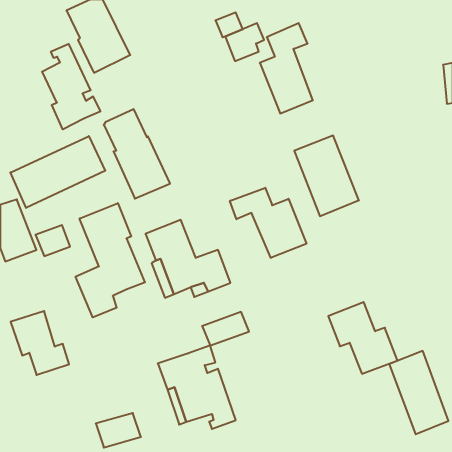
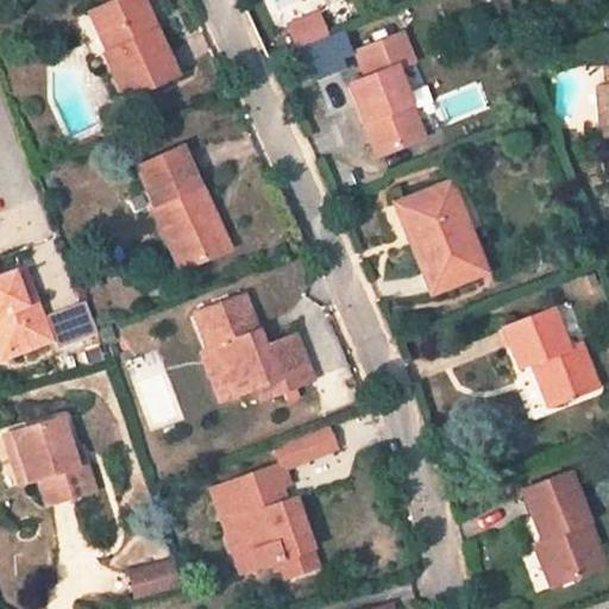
building: [42,44,100,129] -> none
building: [10,136,105,208] -> none
building: [230,188,306,258] -> none
building: [76,203,145,317] -> none
building: [328,302,397,374] -> [504,307,597,403]

